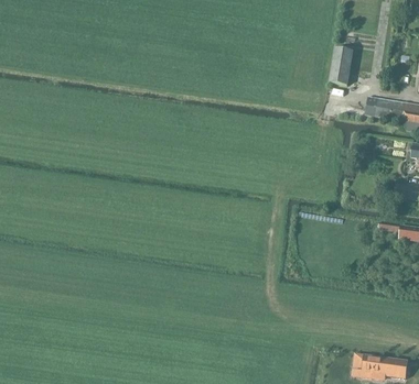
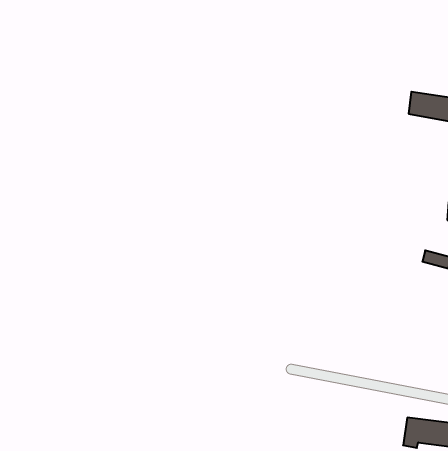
building: [329,48,352,86] -> none

